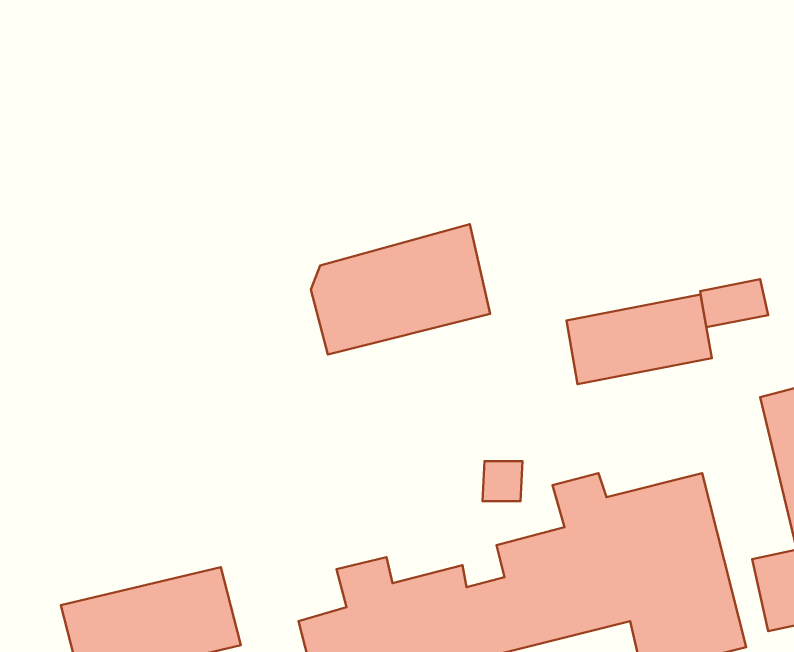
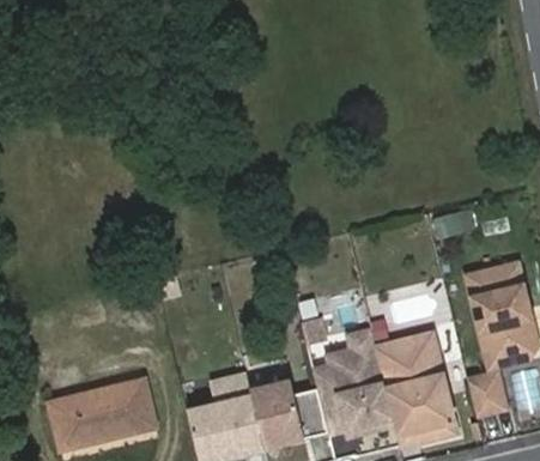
building: [311,224,490,354] -> none
building: [566,294,712,384] -> none

